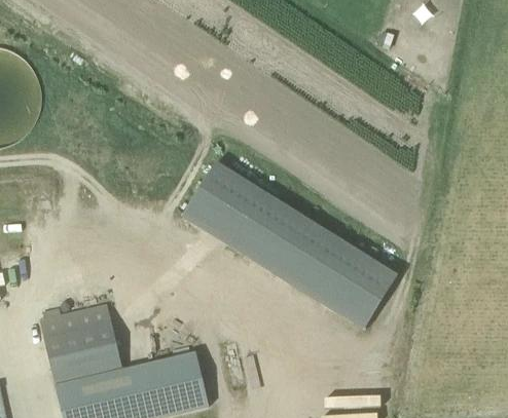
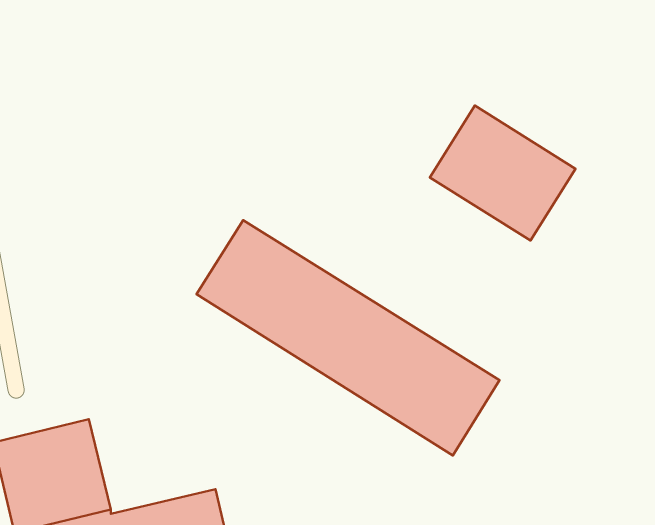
building: none -> [430,106,576,241]

